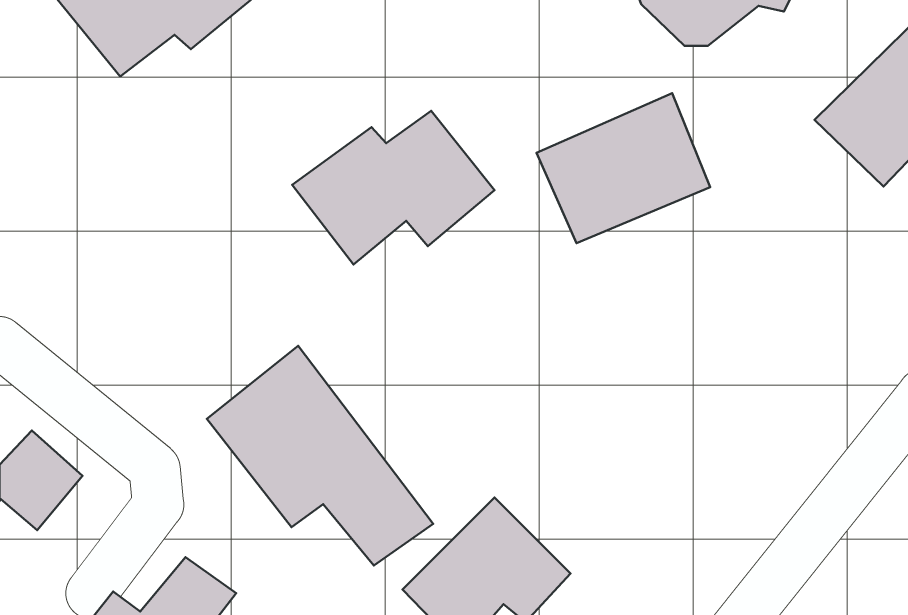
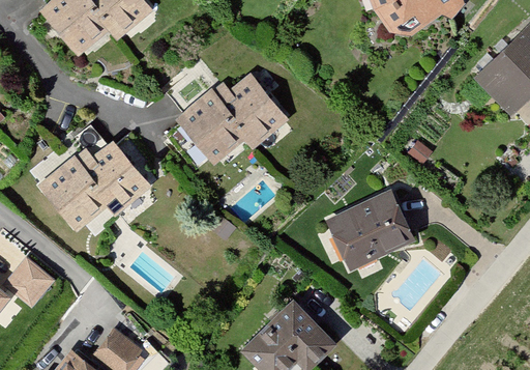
building: [537,93,710,243] -> [316,188,415,274]
building: none -> [36,134,156,232]
building: [207,346,433,566] -> none

